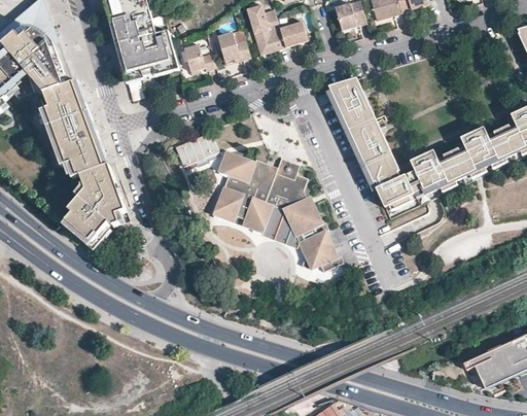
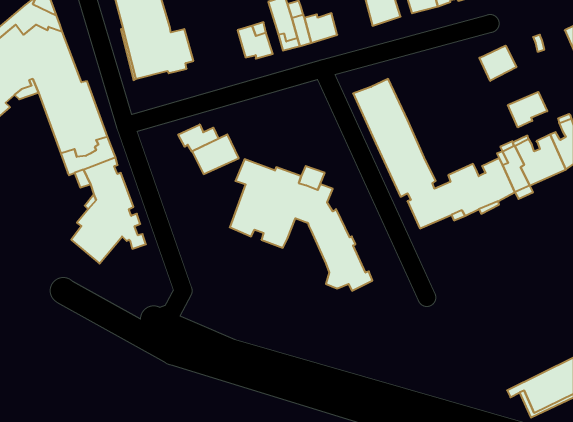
building: [184,43,216,70] -> none
building: none -> [479,46,516,81]
building: none -> [508,92,547,127]
building: none -> [178,124,218,152]
building: [259,205,298,246] -> none

